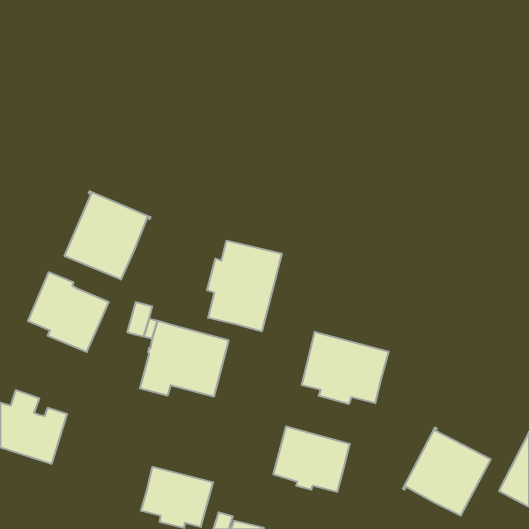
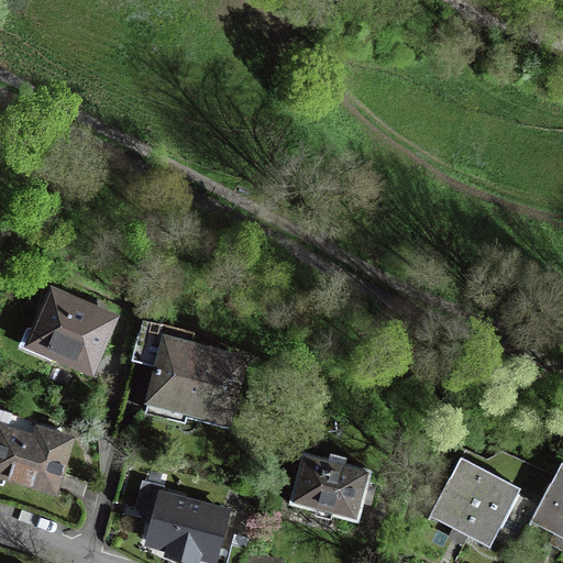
building: [65,191,151,280] -> none
building: [207,241,282,331] -> none
building: [302,332,389,404] -> none

